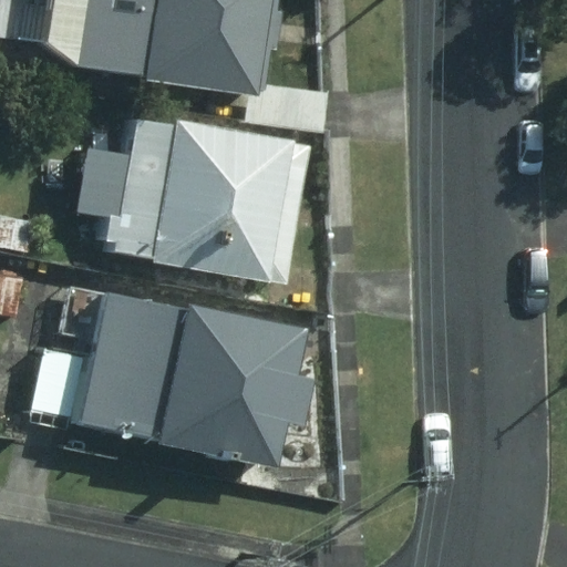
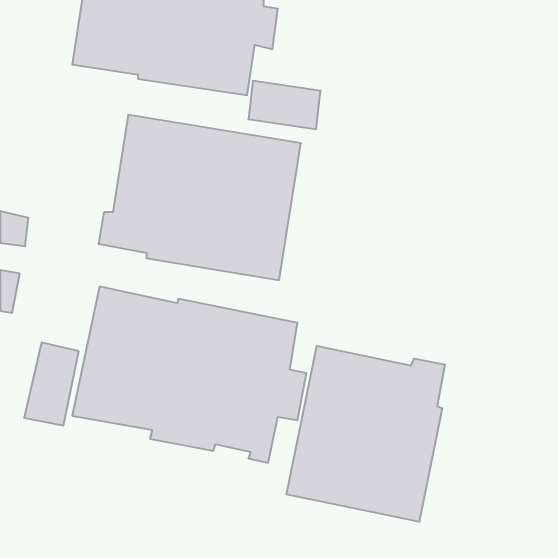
building: none -> [286,346,445,522]

